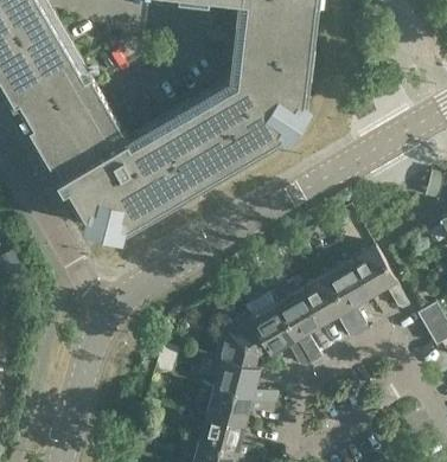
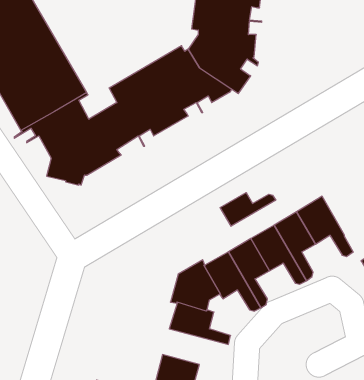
building: none -> [220,193,276,226]
building: [206,389,276,426] -> none

